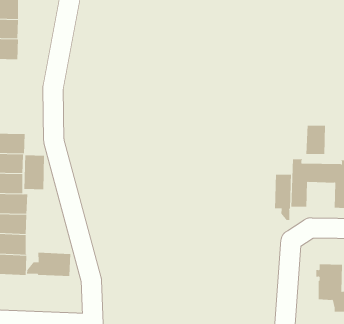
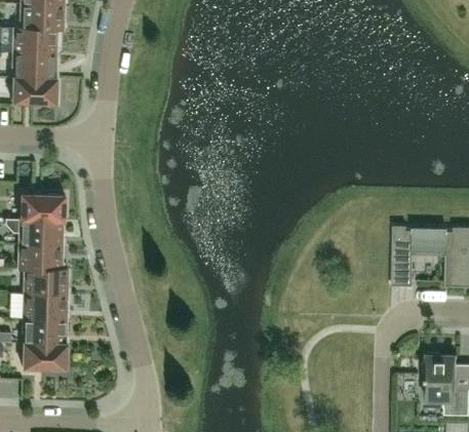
building: [306,125,326,155] -> none
building: [24,155,45,190] -> none
building: [274,173,291,221] -> none
building: [26,252,71,277] -> none

